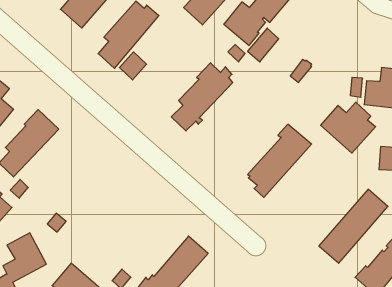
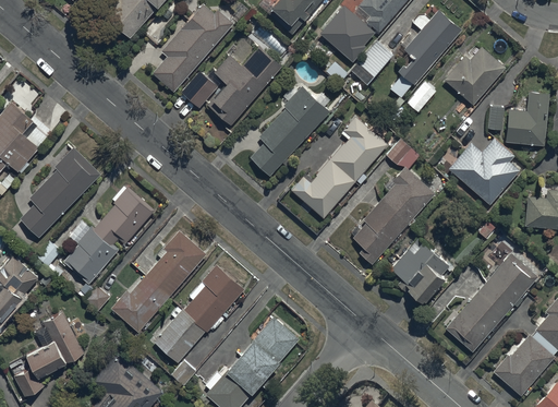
building: none -> [390,10,462,98]
building: none -> [207,46,281,125]
building: none -> [444,47,505,106]
building: none -> [291,117,388,218]
building: none -> [387,140,420,169]
building: none -> [64,187,155,285]
building: none -> [111,230,206,333]
building: none -> [390,238,453,302]
building: none -> [154,265,245,362]

